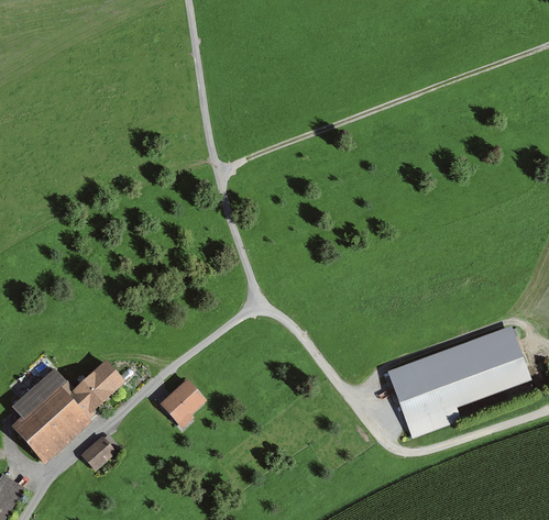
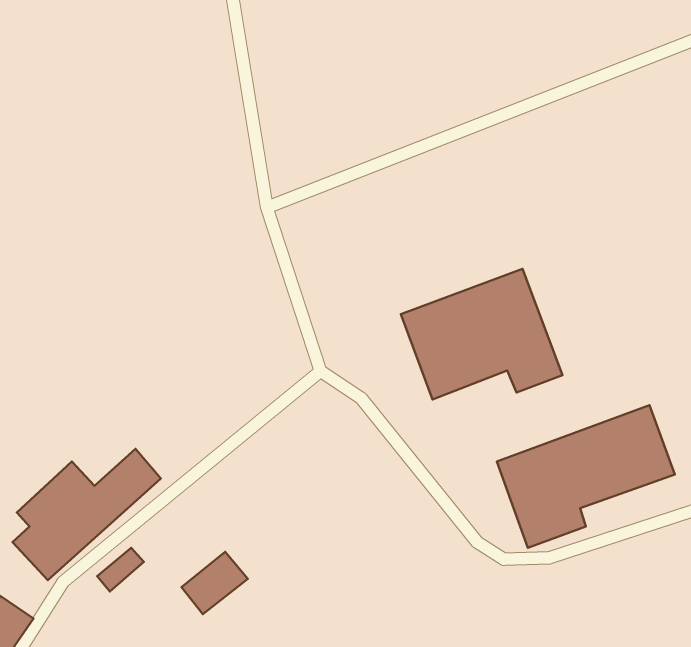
building: none -> [401,269,562,400]
building: [157,379,209,428] -> [182,552,248,614]

